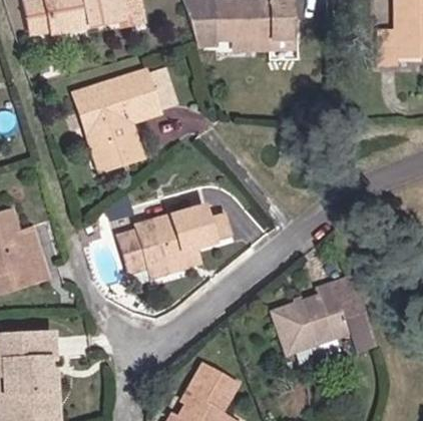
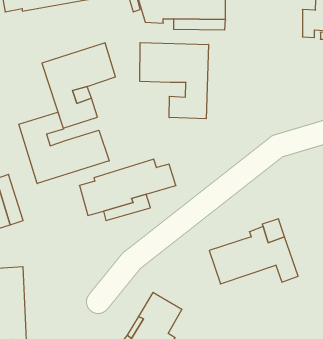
building: none -> [140,43,208,119]
building: none -> [19,112,109,184]

